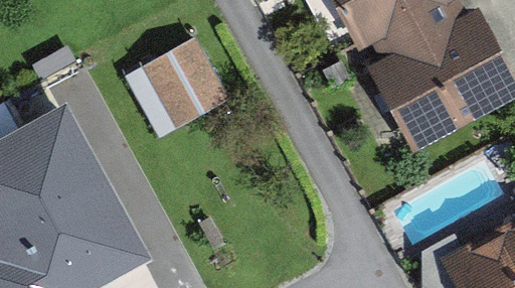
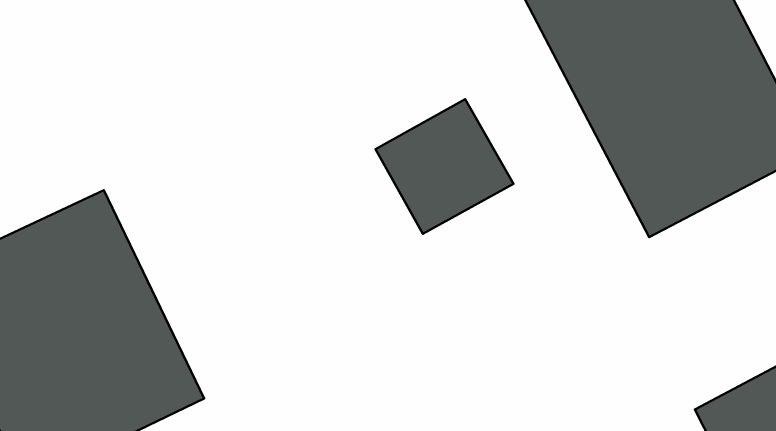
building: [136,46,224,133] -> [376,99,514,234]

